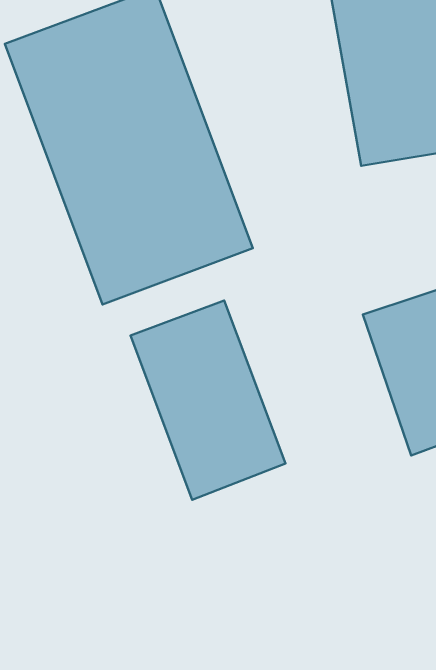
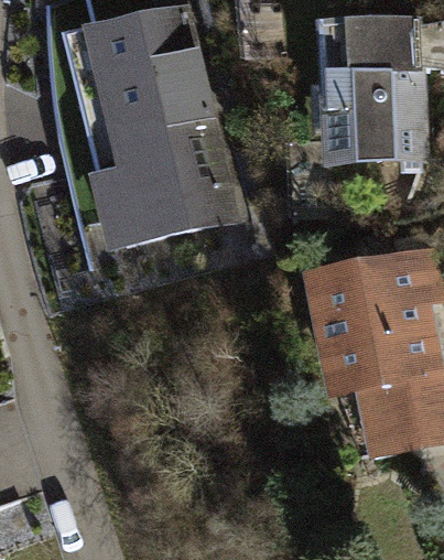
building: [131,301,285,500] -> none

